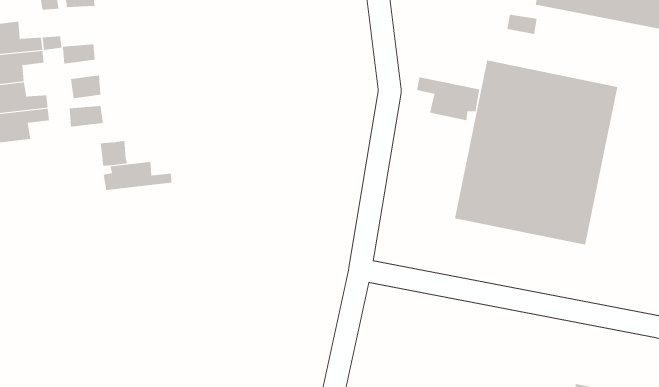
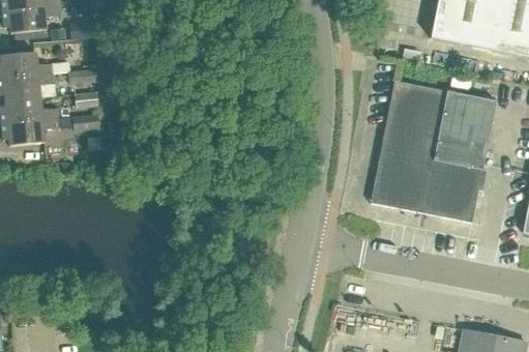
building: [416,76,480,121] -> none
building: [103,161,172,191] -> none

